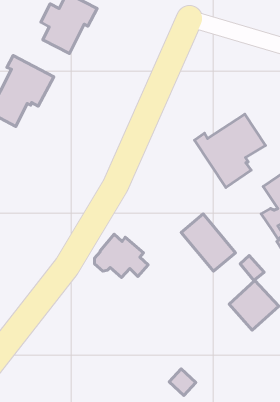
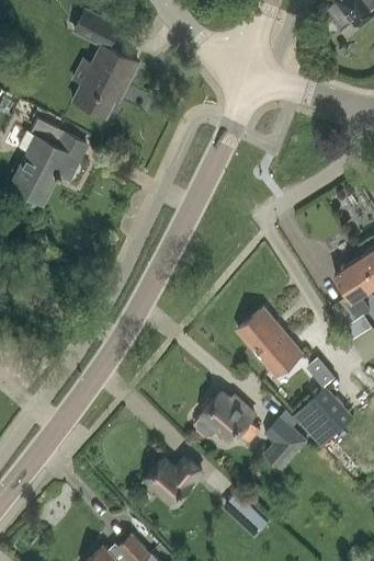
building: [194,114,266,187] -> none
building: [95,234,148,278] -> [196,393,260,445]
building: none -> [263,416,306,469]
building: none -> [146,458,201,505]

